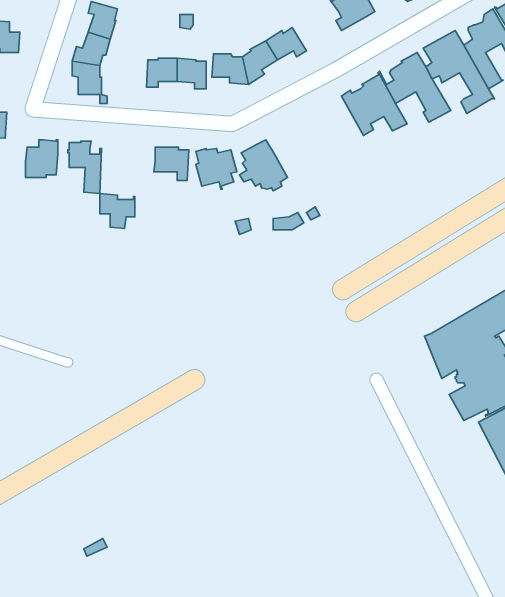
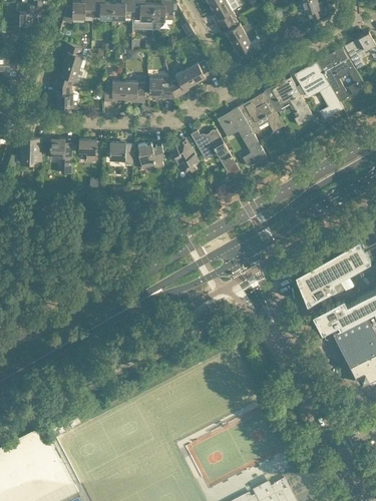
building: none -> [218,107,267,167]
building: none -> [191,129,240,175]
building: [100,194,135,229] -> [79,138,103,162]

